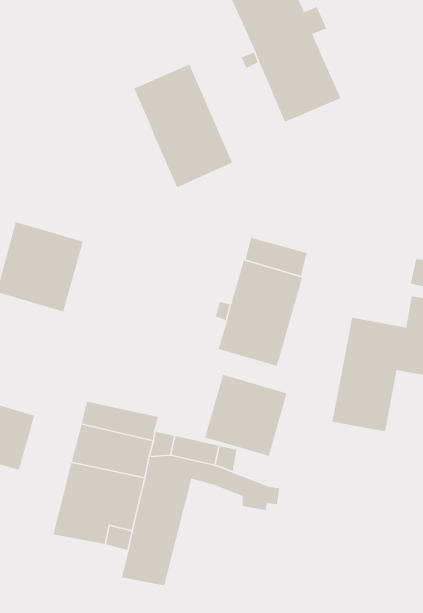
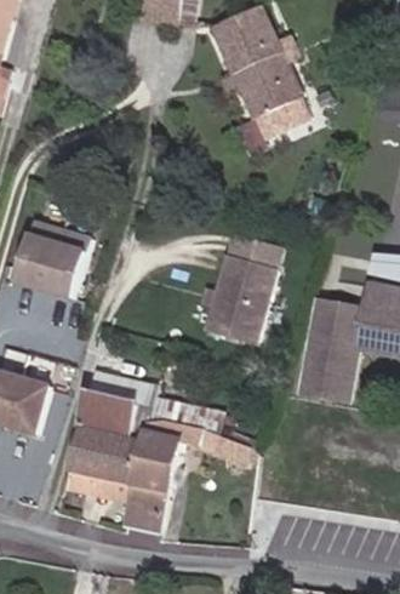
building: [133,63,233,188] -> none
building: [204,374,288,457] -> none

